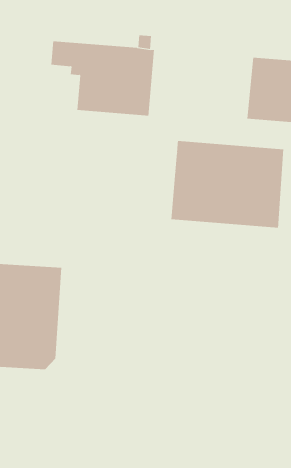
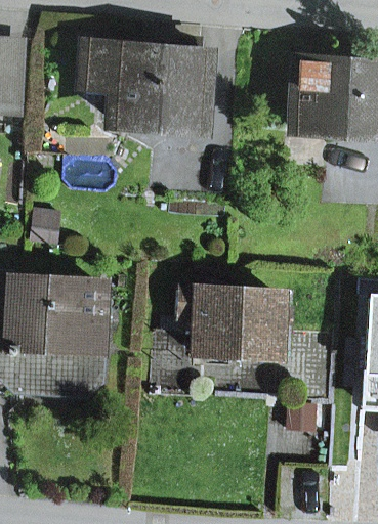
building: [171,140,284,228] -> none
building: none -> [178,289,289,356]

